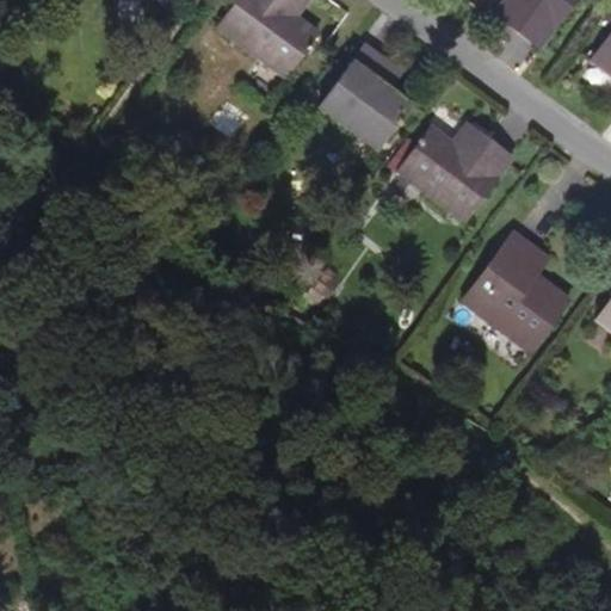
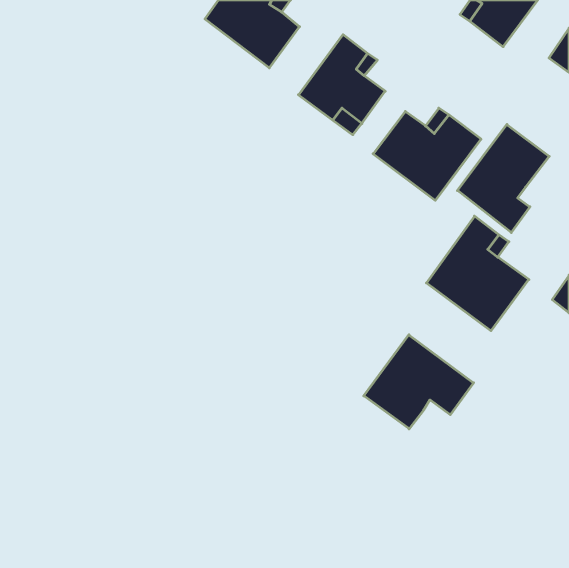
building: none -> [457,124,549,233]
building: none -> [364,335,474,429]

